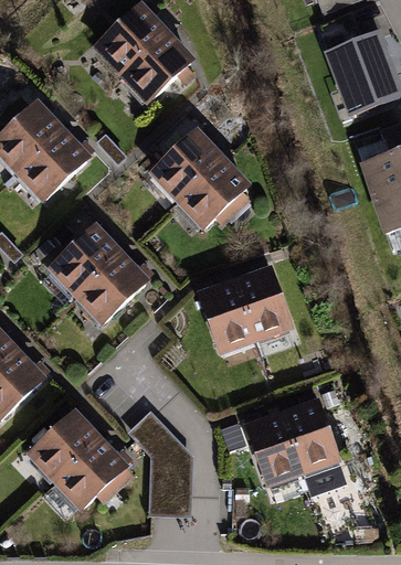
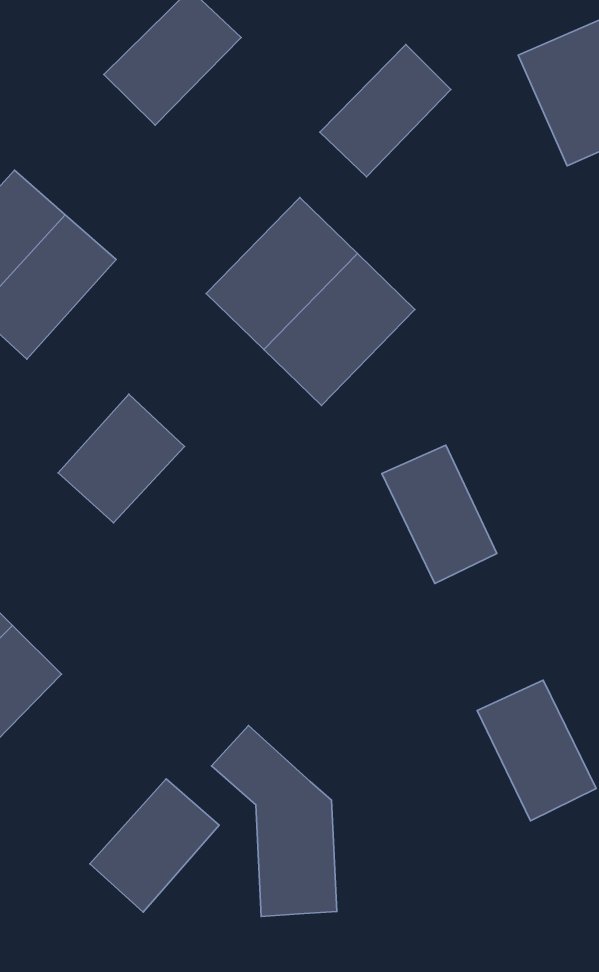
building: [119,31,193,103] -> [320,45,451,177]
building: [82,255,154,326] -> none
building: [197,277,257,354] -> none
building: [29,411,102,482] -> none
building: [240,412,302,490] -> none

